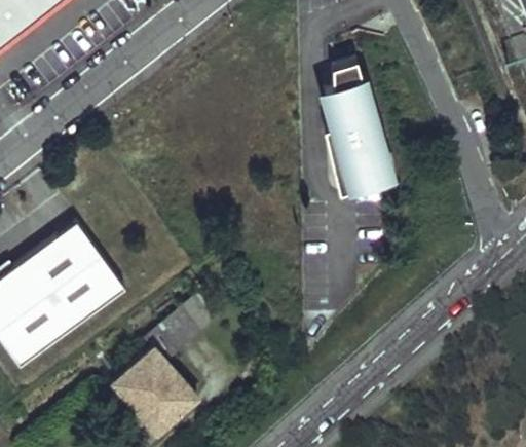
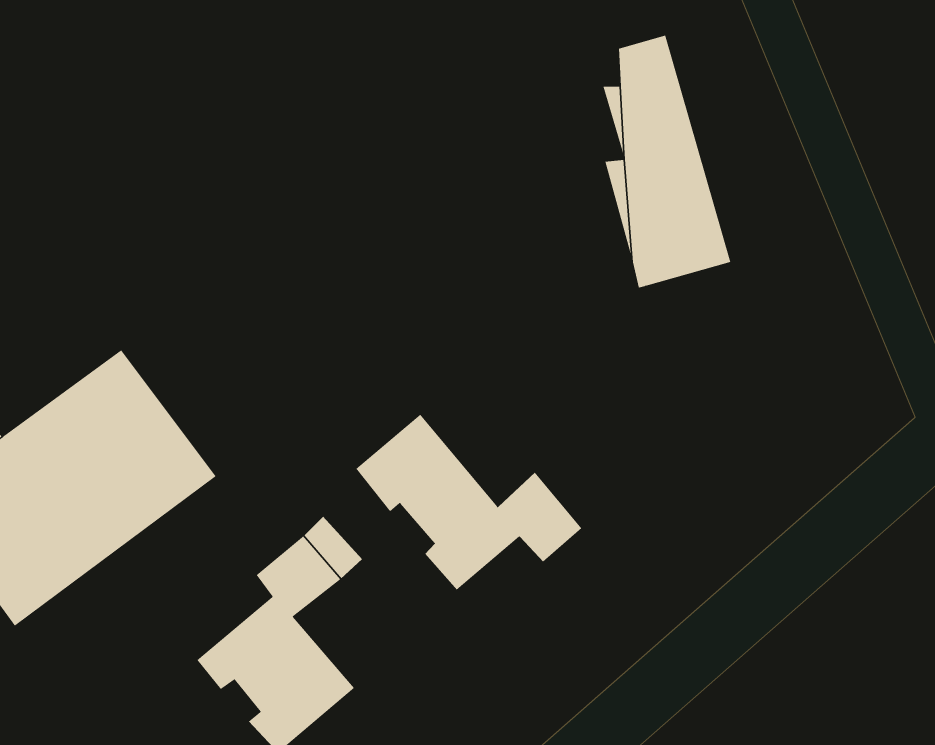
building: none -> [356,414,582,591]

